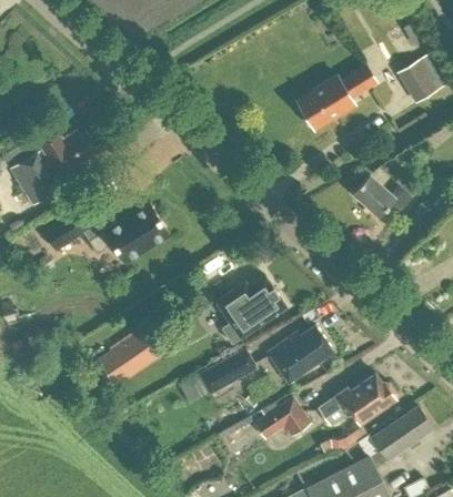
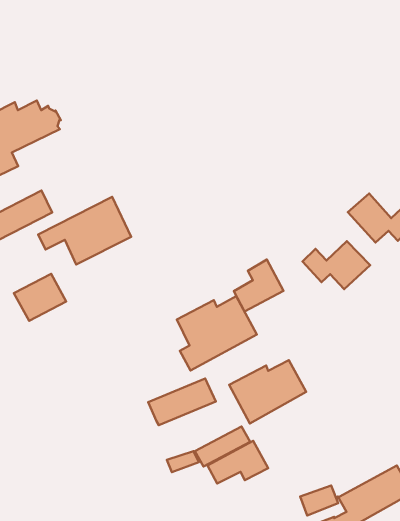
building: [296,65,376,129] -> none
building: none -> [303,241,370,289]
building: none -> [234,260,283,312]
building: [109,334,154,376] -> [14,274,66,321]
building: [318,374,396,425] -> none

